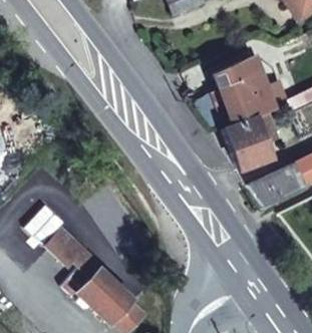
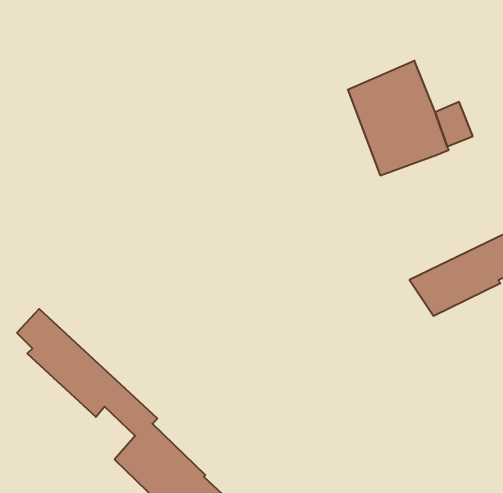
building: [223,111,276,169] -> none

